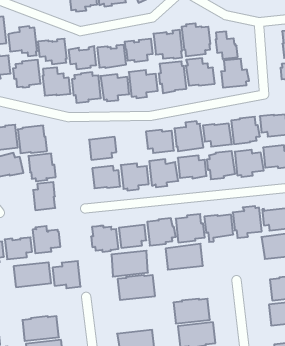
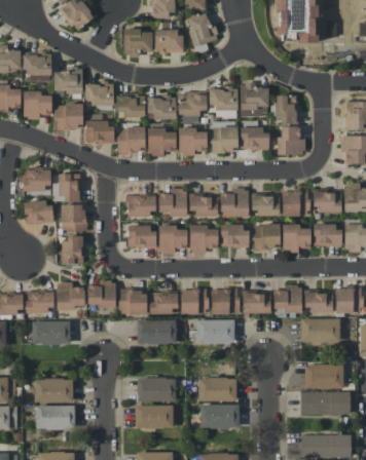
building: none -> [158,189,186,217]
building: [53,261,81,288] -> [87,281,115,309]
building: [118,275,155,300] -> [137,378,175,401]

